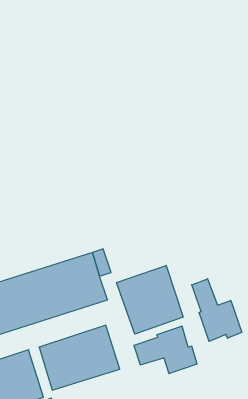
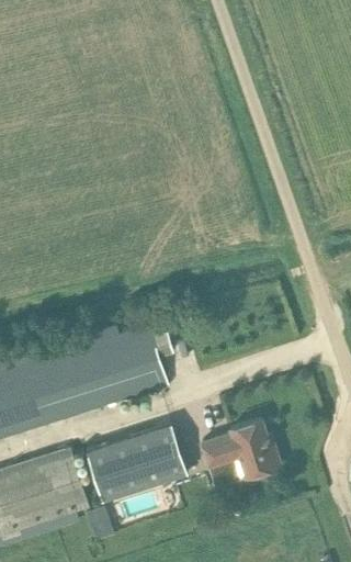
building: [116,265,183,334] -> none
building: [192,279,242,341] -> none

